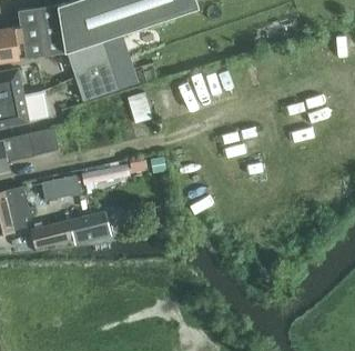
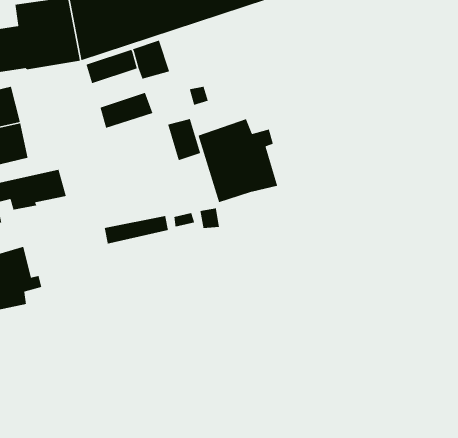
building: none -> [197,118,278,203]
building: [41,175,80,201] -> none
building: [31,212,111,248] -> none

